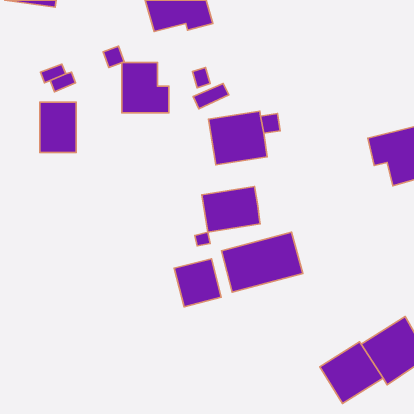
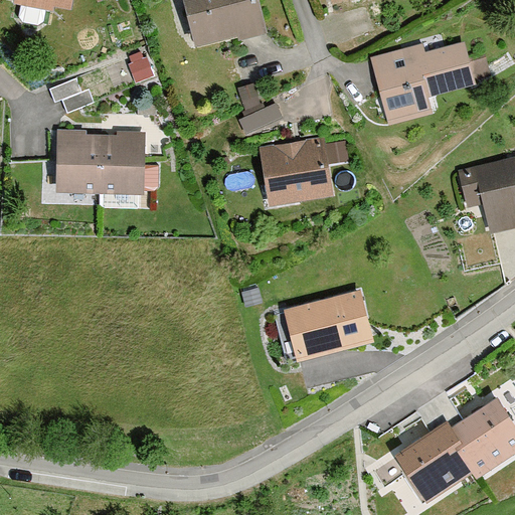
building: none -> [368,39,470,121]
building: [122,63,169,113] -> [96,128,154,190]
building: [202,187,260,232] -> none
building: [174,259,221,307] -> none

